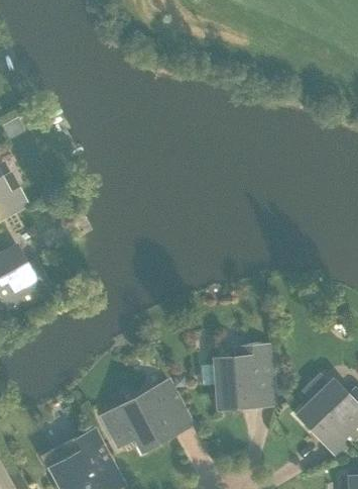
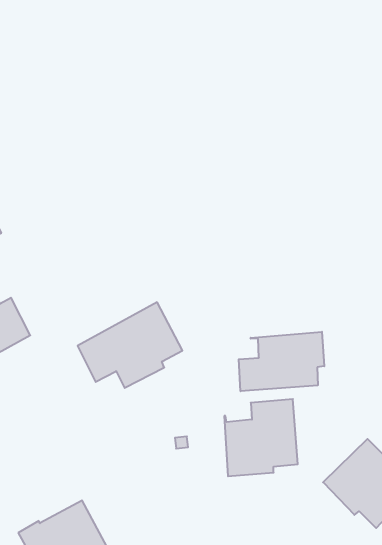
building: none -> [239,332,324,391]
building: [102,379,190,451] -> [78,302,182,388]

